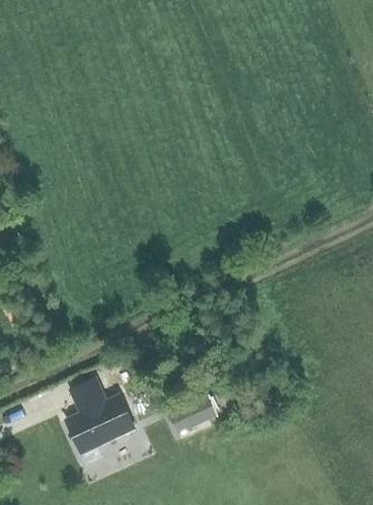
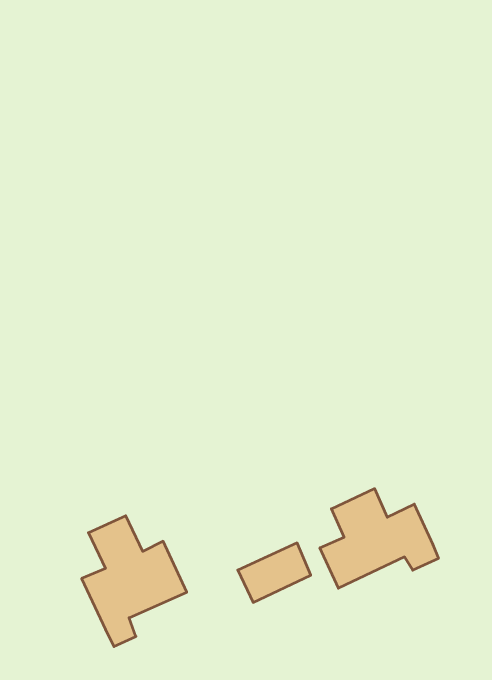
building: none -> [320,489,438,588]

